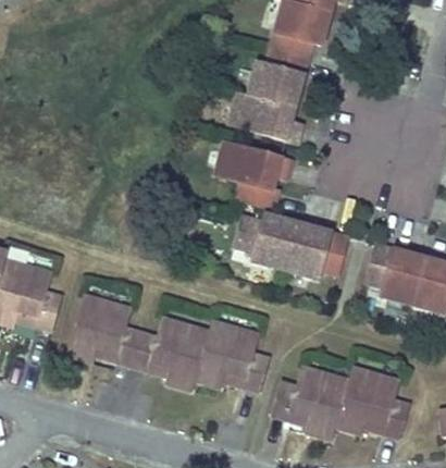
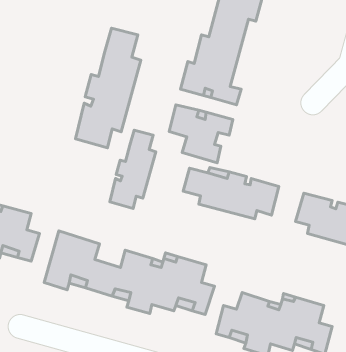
building: none -> [75,28,141,148]
building: none -> [110,130,156,209]

